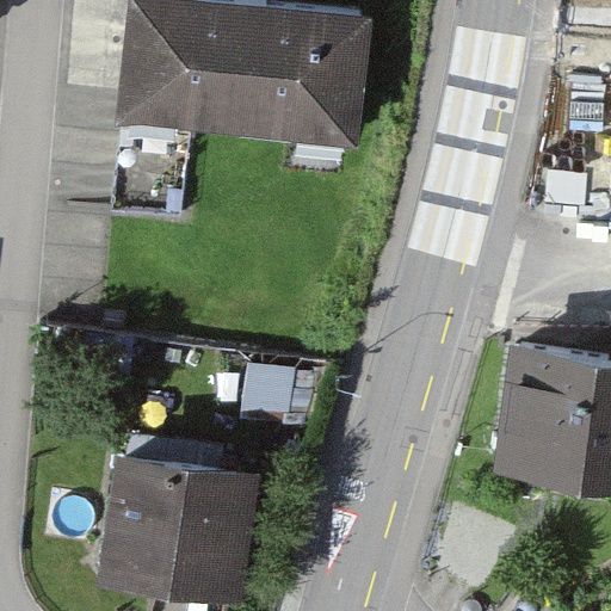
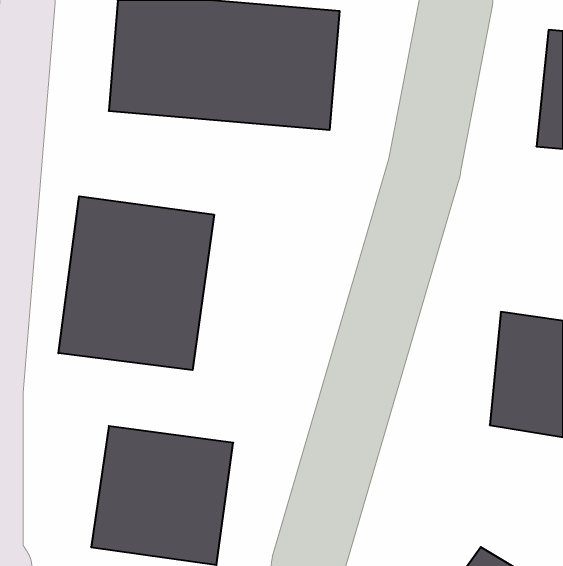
building: none -> [58,196,214,370]

